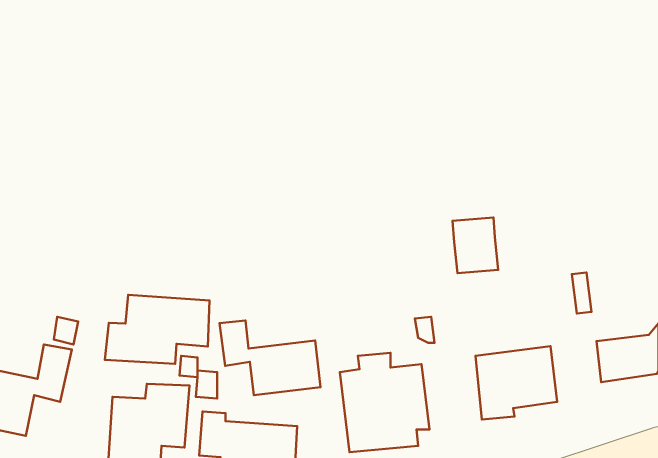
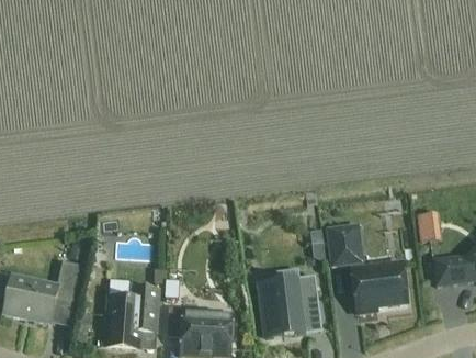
building: [452,218,498,273] -> [326,226,356,264]
building: [105,295,210,364] -> none
building: [219,321,320,395] -> none

